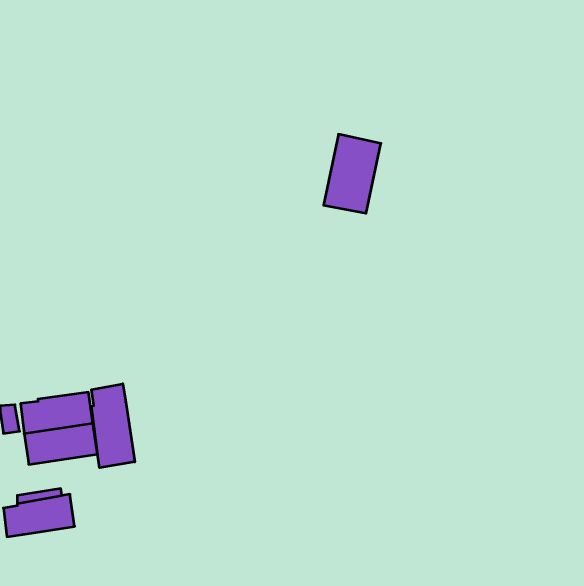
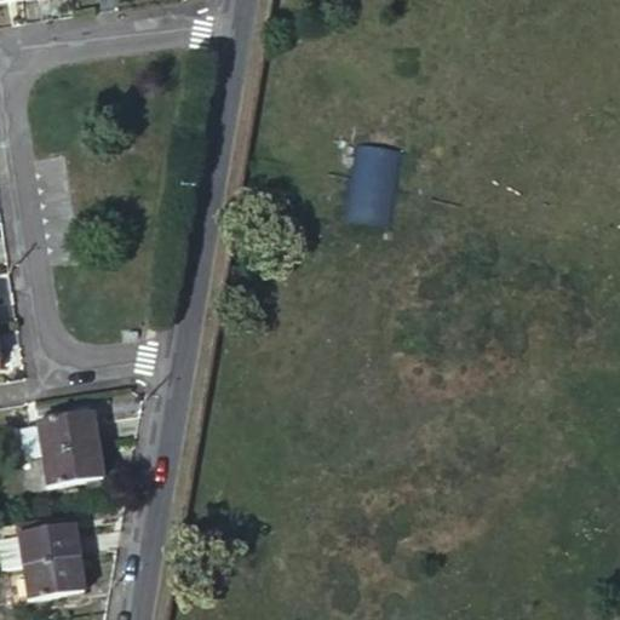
building: [91,384,135,468] -> none
building: none -> [27,556,85,597]

